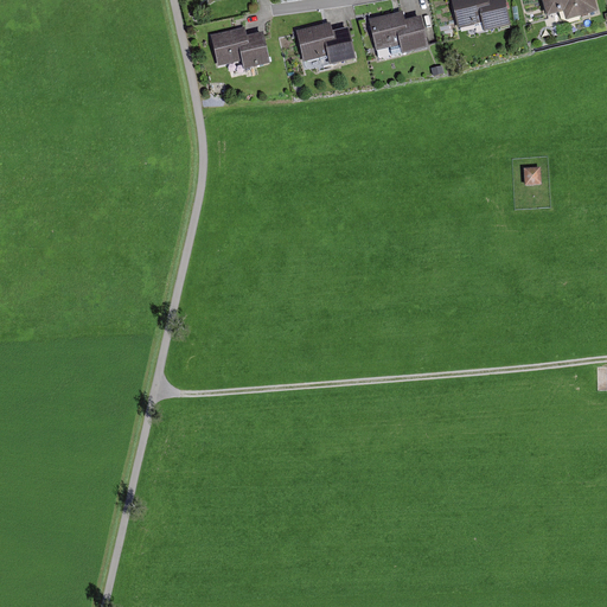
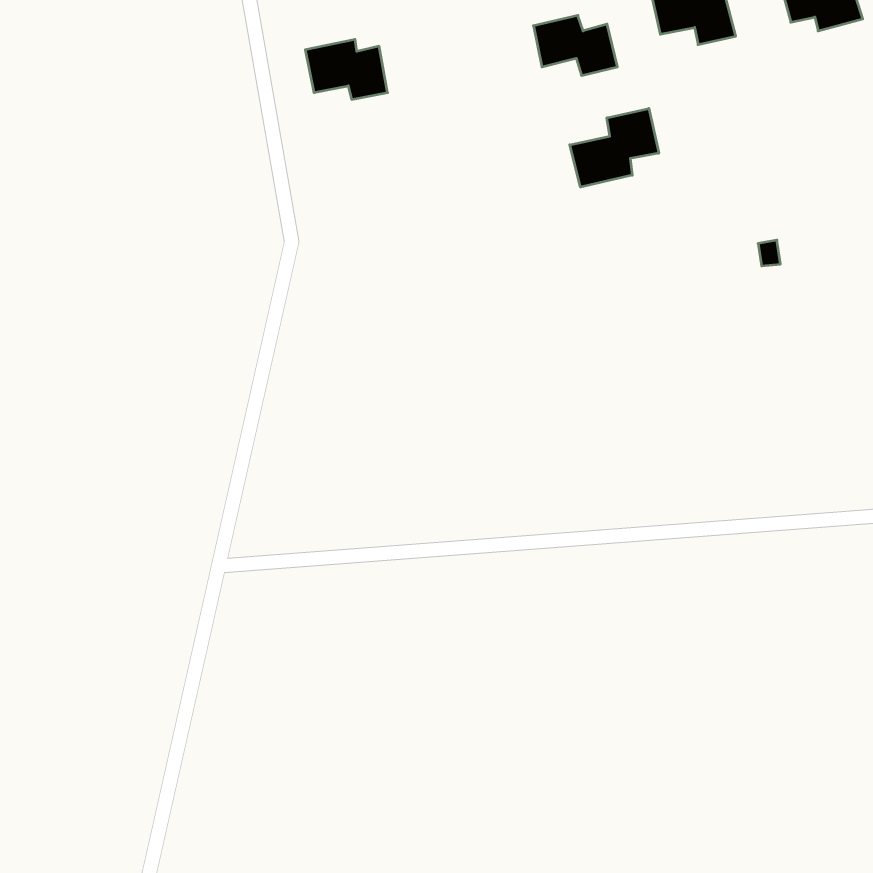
building: [299,24,356,65] -> none
building: none -> [570,108,659,187]

